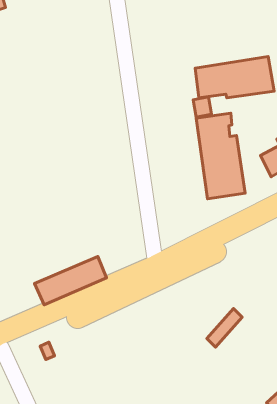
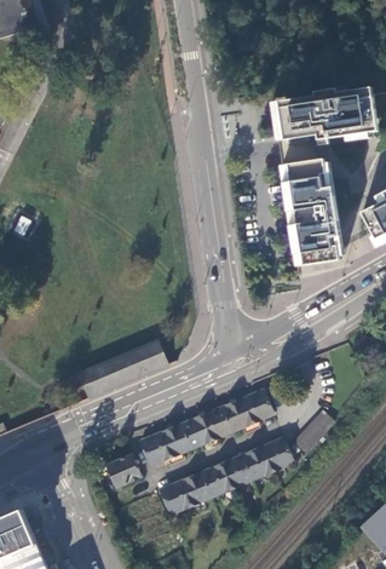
building: none -> [139,389,272,465]
building: none -> [159,437,293,513]
building: none -> [105,454,139,487]

